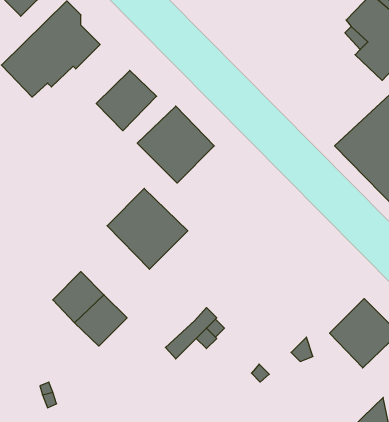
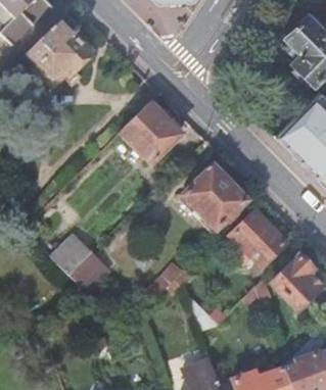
building: [96,70,157,131] -> none
building: [107,188,188,269] -> [183,165,247,230]
building: none -> [230,208,287,266]

